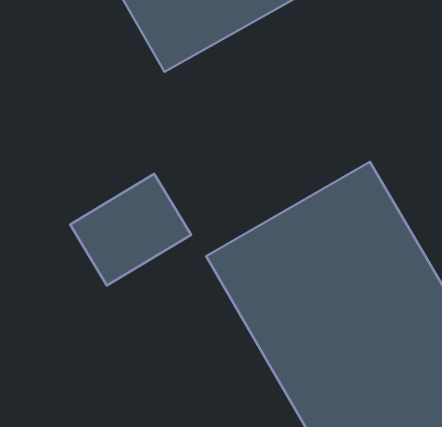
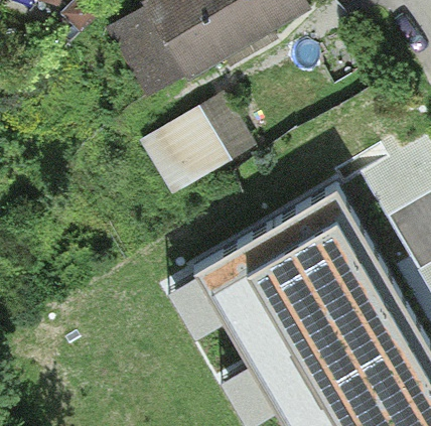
building: [70,174,191,286] -> [139,98,245,195]

